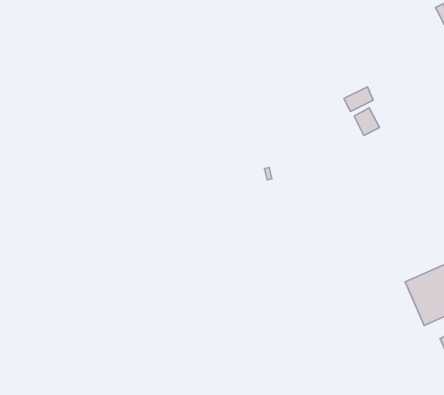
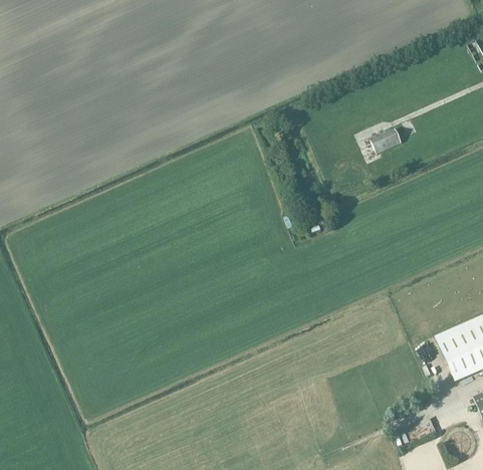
building: [354,108,380,136] -> none

